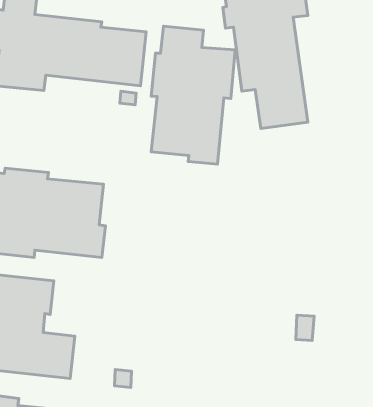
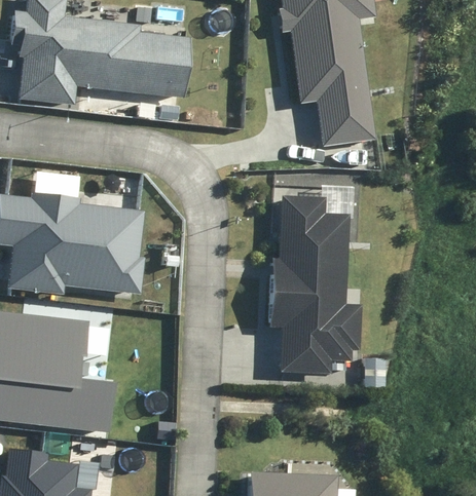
building: [151,26,235,164] -> none
building: none -> [268,196,360,376]

